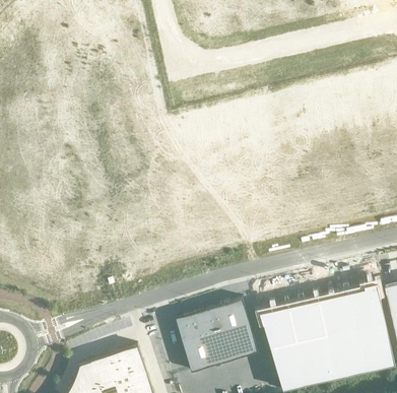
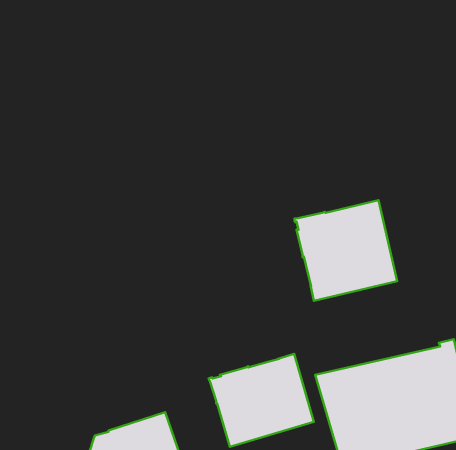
building: none -> [294,200,397,301]

